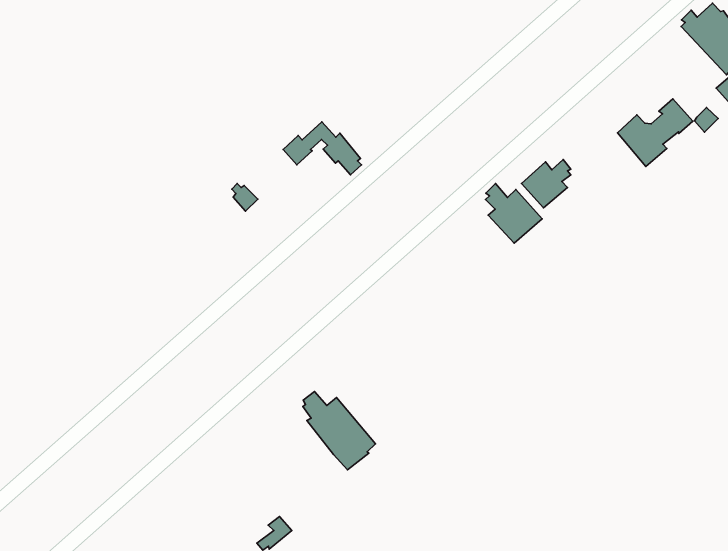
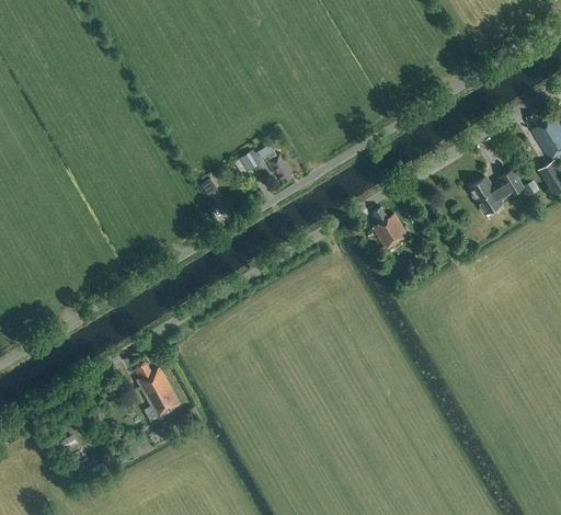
building: [521,160,571,208] -> none
building: [303,392,375,470] -> [135,362,180,419]

